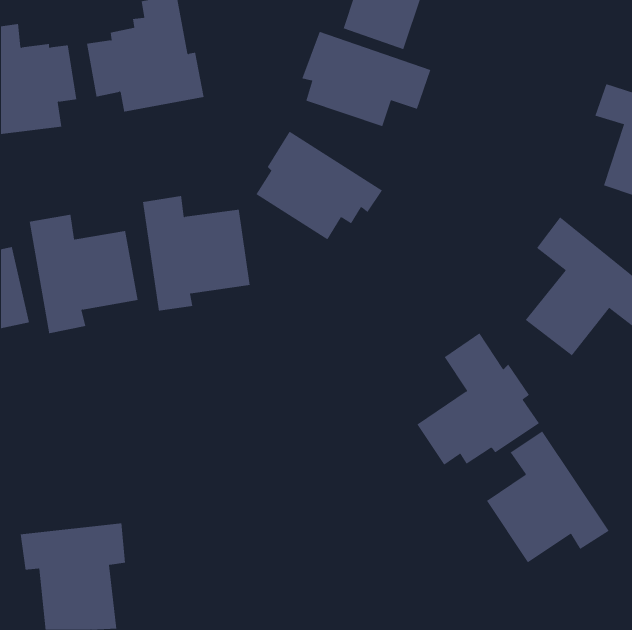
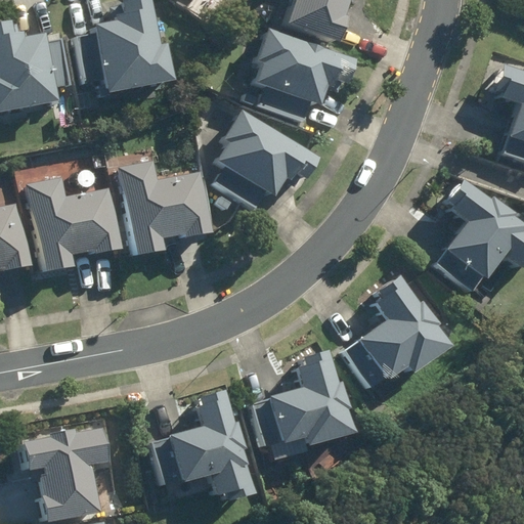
building: none -> [250,353,351,447]
building: [486,430,609,563] -> none
building: none -> [150,388,251,506]

